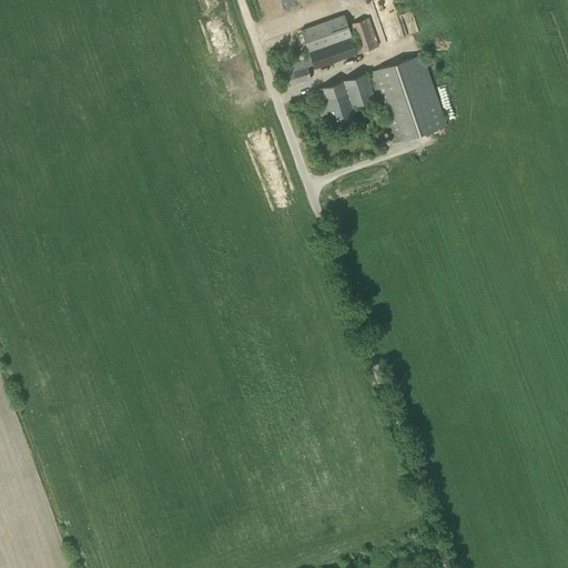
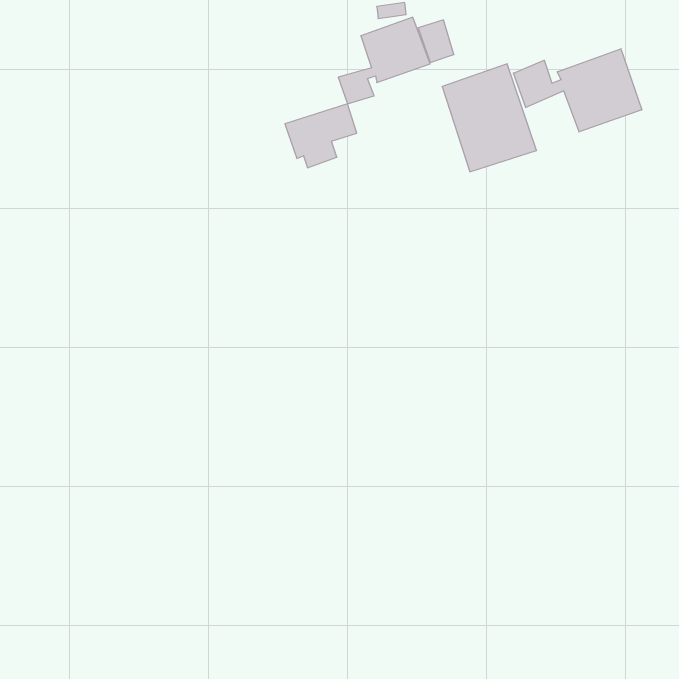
building: none -> [513,49,642,132]
building: [315,74,375,128] -> [285,104,357,168]

